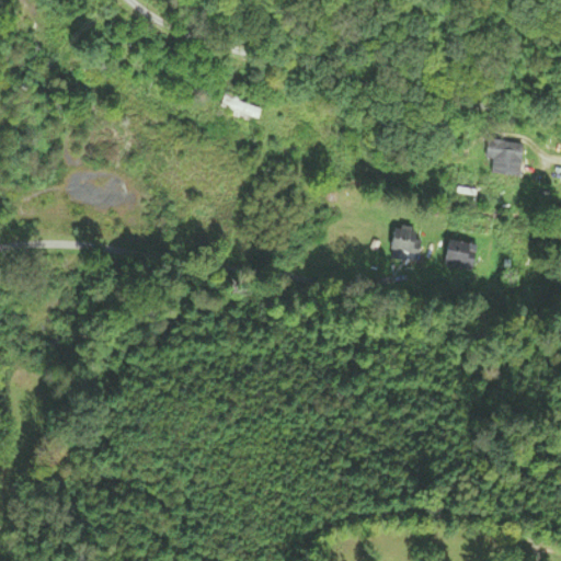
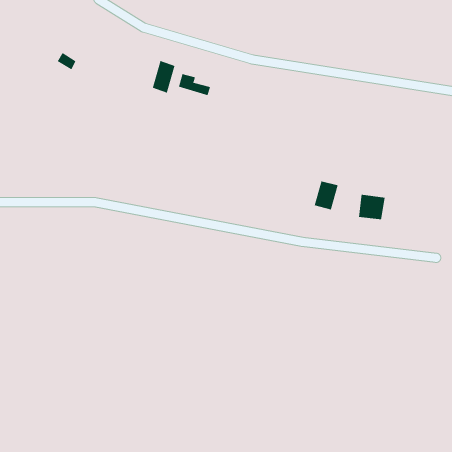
building: none -> [152,60,175,93]
building: [486,139,524,176] -> none

